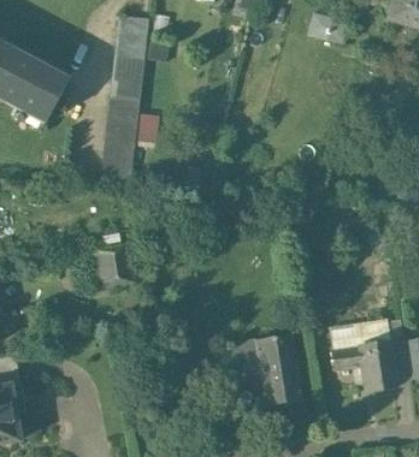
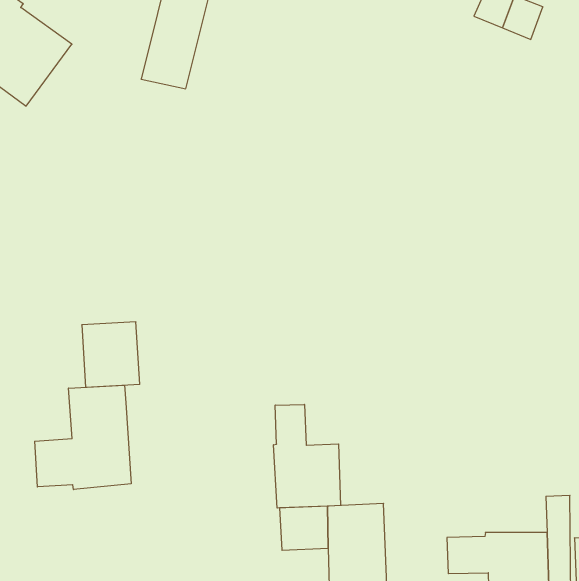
building: [100,96,138,183] -> none
building: none -> [274,404,340,508]
building: none -> [35,385,131,490]

